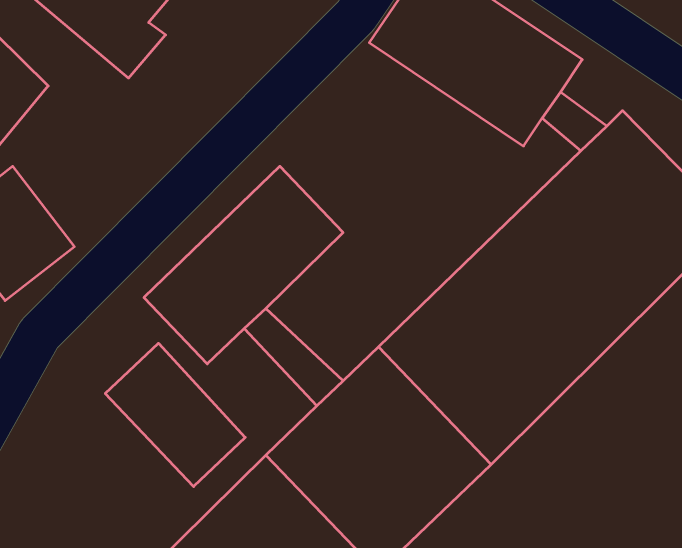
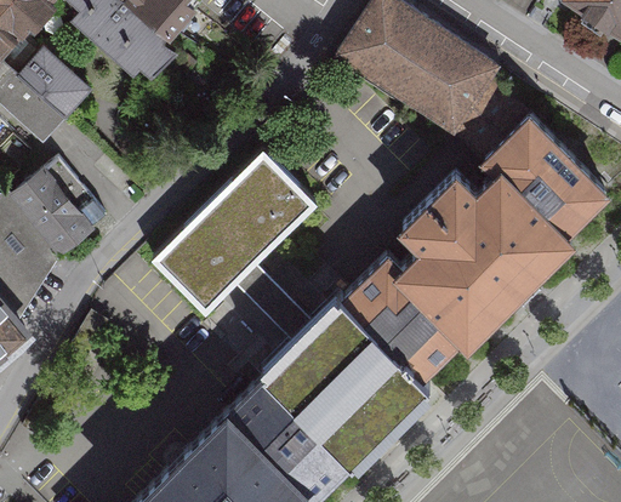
building: [105,343,245,487] -> none

